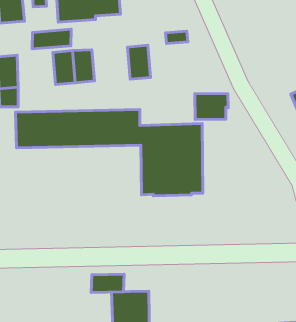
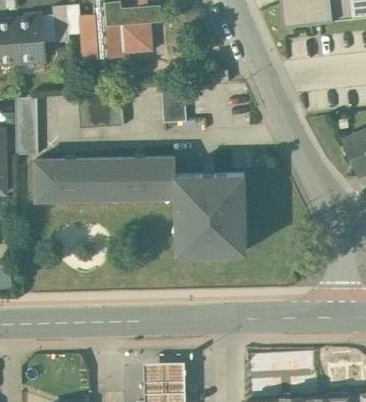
building: [32,29,71,49] -> none
building: [195,94,228,120] -> none
building: [91,274,124,292] -> none

